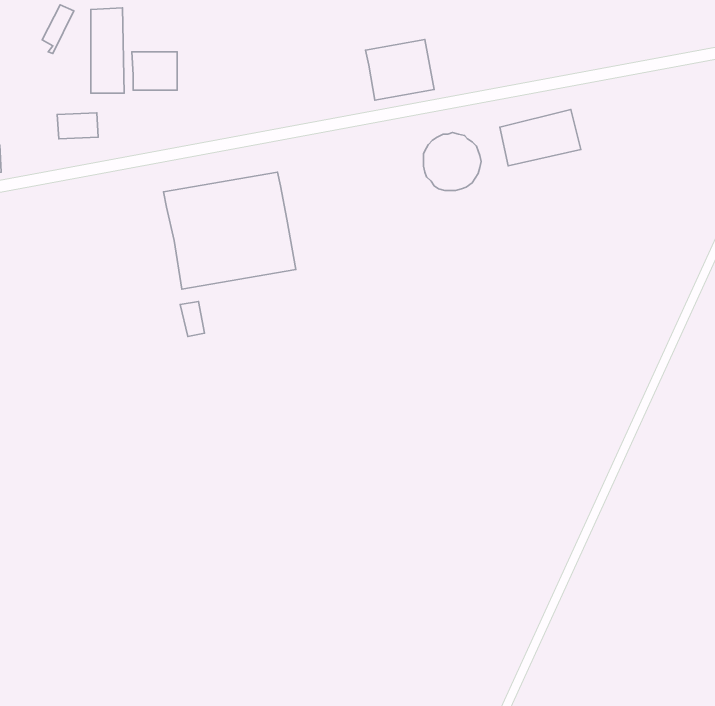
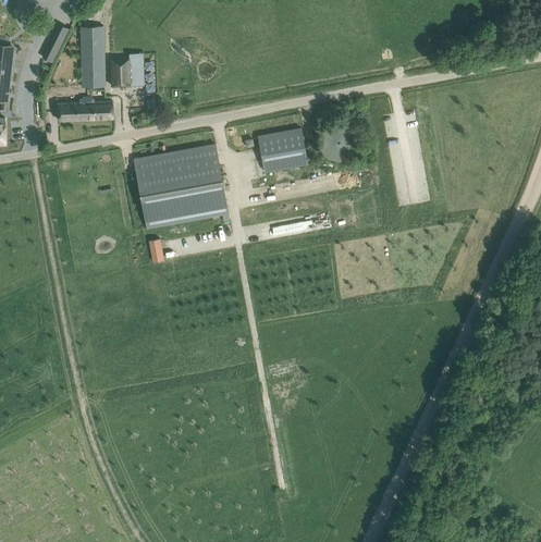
building: [366,39,434,100] -> [257,127,306,171]
building: [500,110,581,166] -> none
building: none -> [85,100,112,119]

